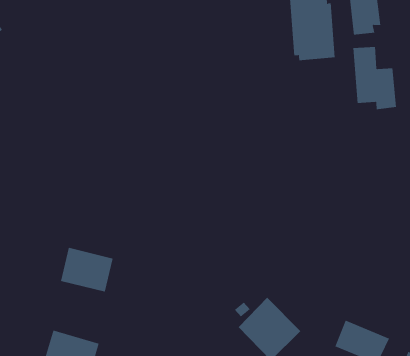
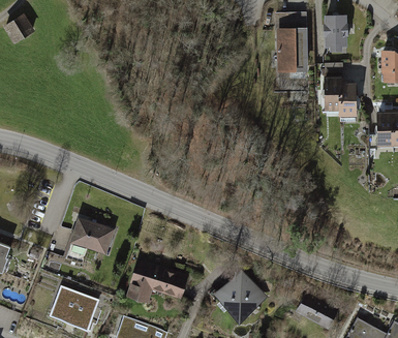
building: none -> [126,258,188,301]

